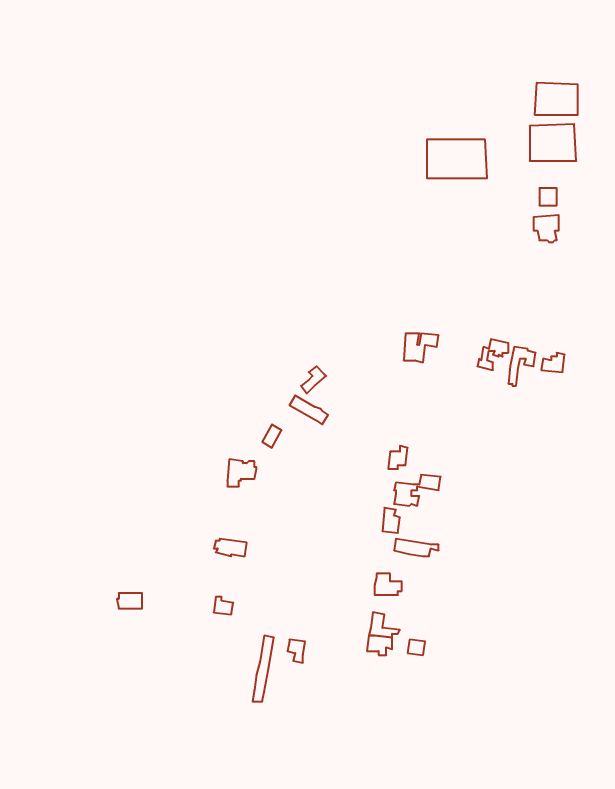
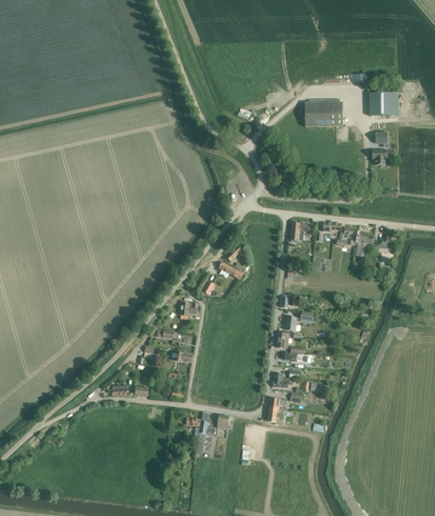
building: [535,83,578,115] -> none

